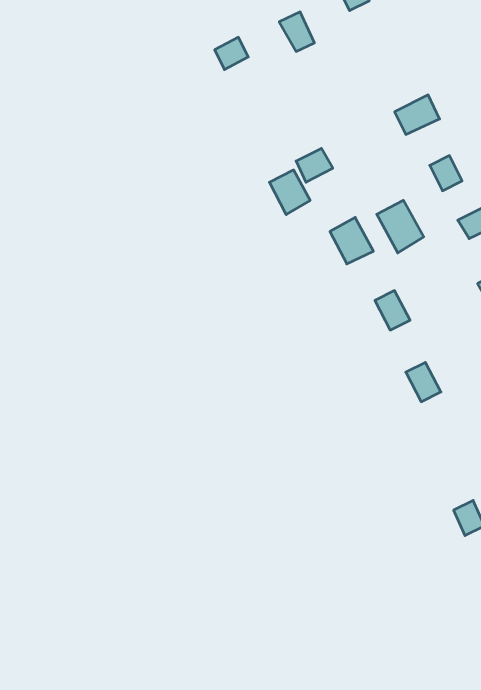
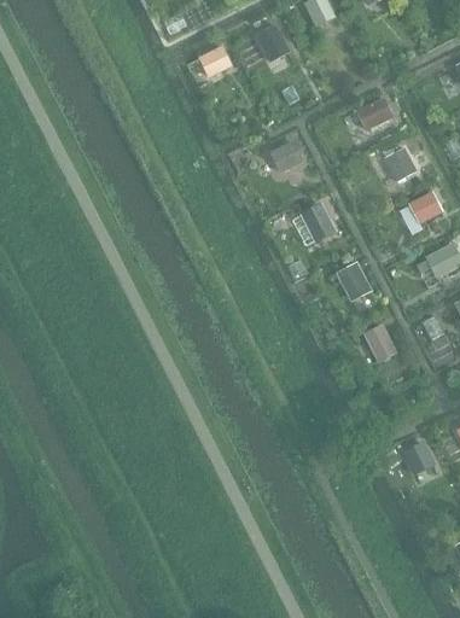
building: [269,170,310,215] -> none
building: [377,200,424,253] -> none

